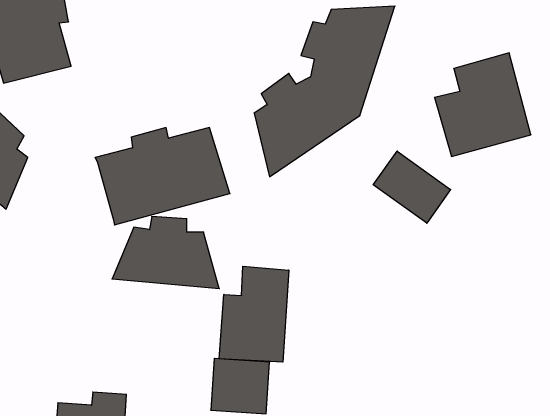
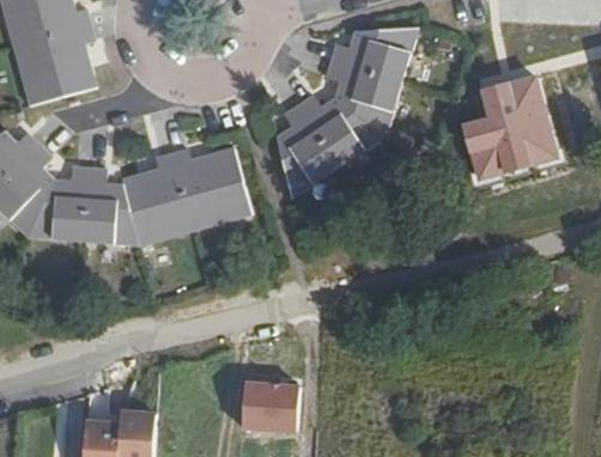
building: [373,151,451,223] -> none
building: [112,216,219,289] -> [32,167,139,239]
building: [219,266,289,362] -> none

